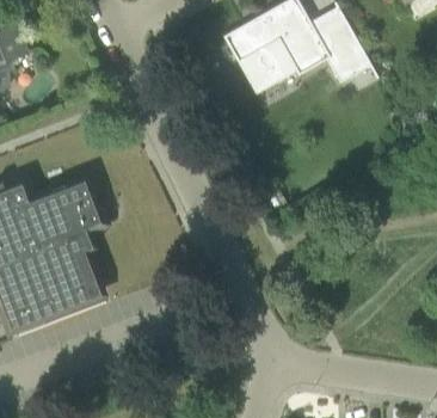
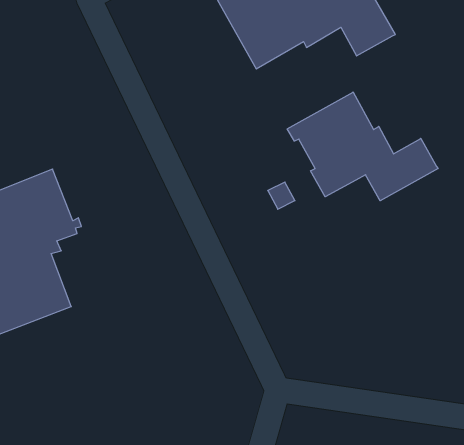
building: none -> [287,92,438,201]

